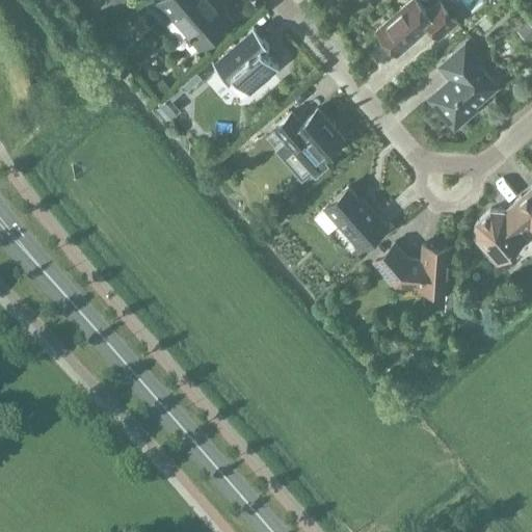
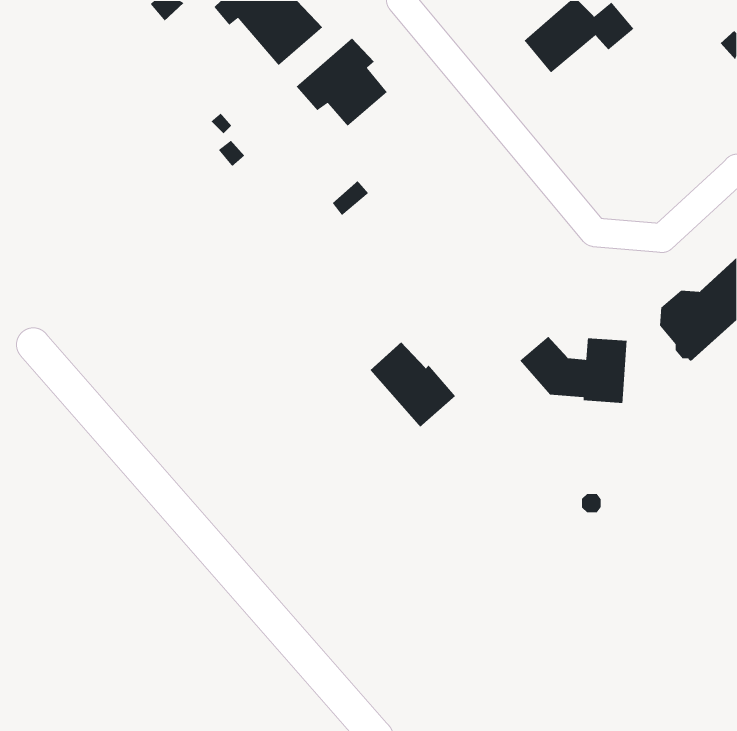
building: [430,48,496,128] -> none
building: [274,111,345,180] -> none
building: [325,190,388,252] -> [370,341,456,428]

